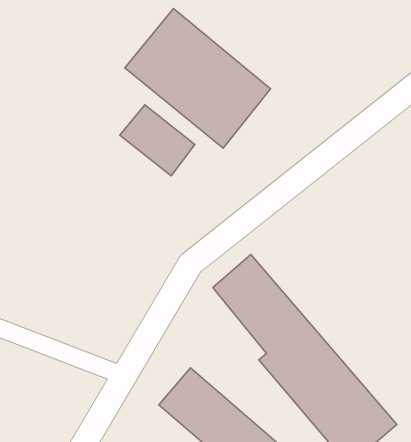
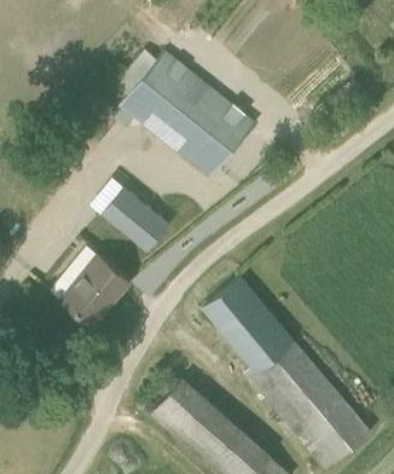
building: [120,105,195,176] -> [102,189,170,254]
building: none -> [62,256,129,326]

